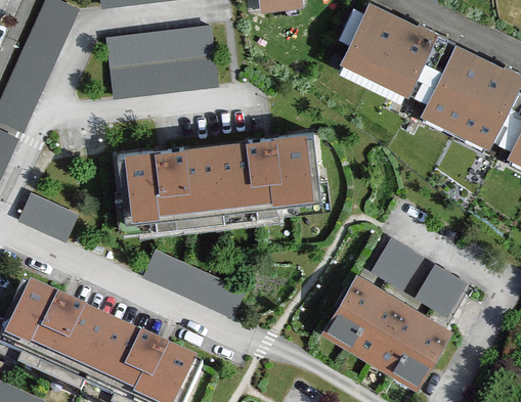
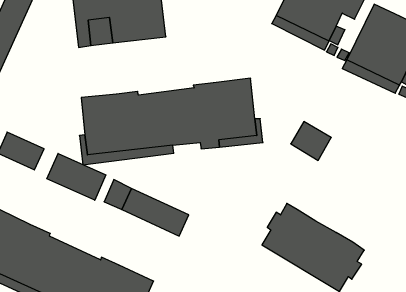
building: none -> [47,153,106,200]
building: [373,241,420,286] -> [291,122,331,160]
building: [417,267,464,313] -> none

